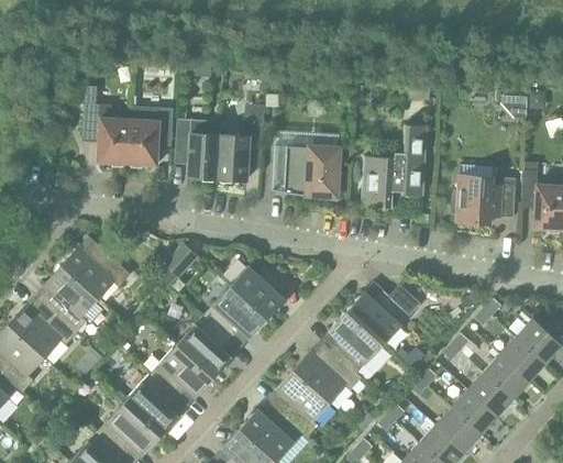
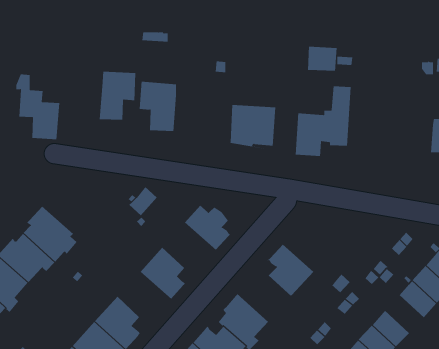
building: none -> [307,46,337,71]
building: [79,86,132,164] -> [16,74,60,140]
building: [218,123,264,180] -> none
building: [451,165,516,224] -> none
building: [62,240,131,299] -> none
building: [346,284,421,344] -> none
building: [203,286,267,340] -> none
building: [292,343,363,404] -> none
building: [151,344,214,398] -> none
building: [467,372,514,417] -> none

